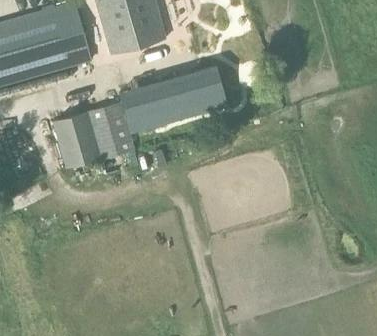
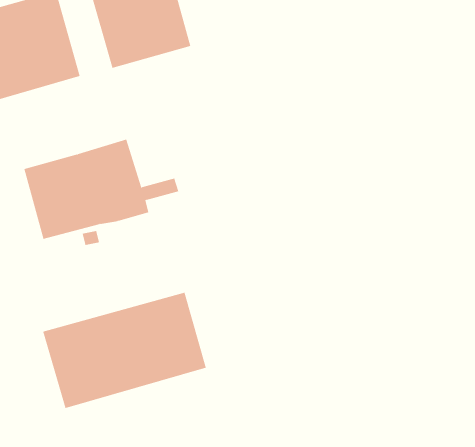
building: [120,65,228,134] -> none
building: none -> [43,292,207,409]

